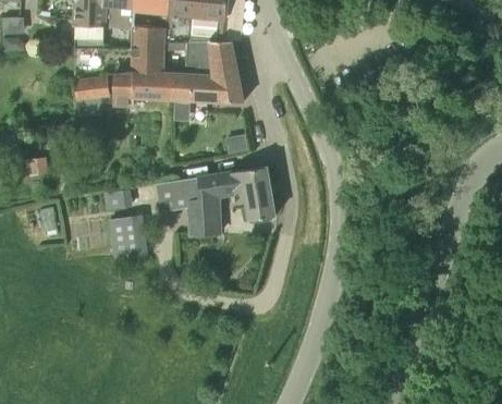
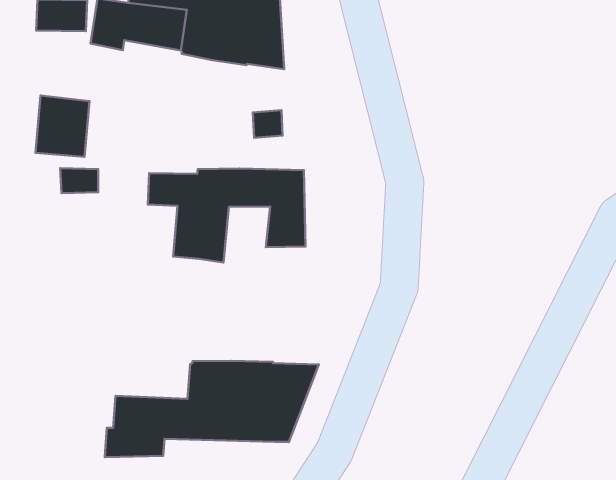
building: [111,212,146,252] -> [35,96,90,157]
building: none -> [105,361,319,457]

